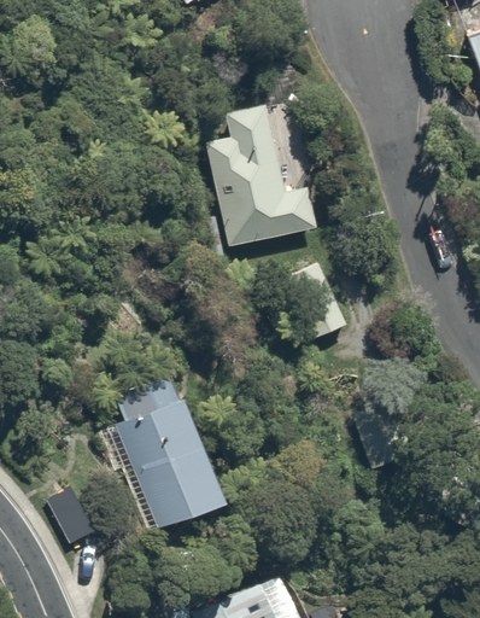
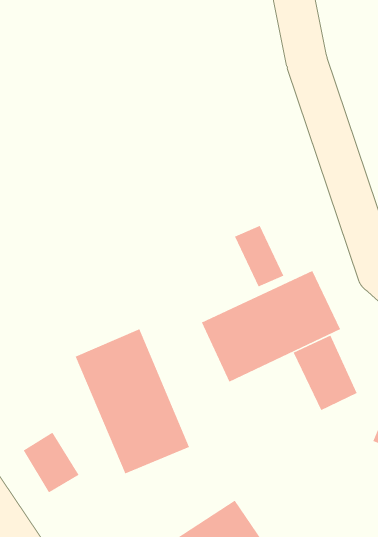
building: [200,103,320,250] -> none
building: none -> [201,270,341,383]

